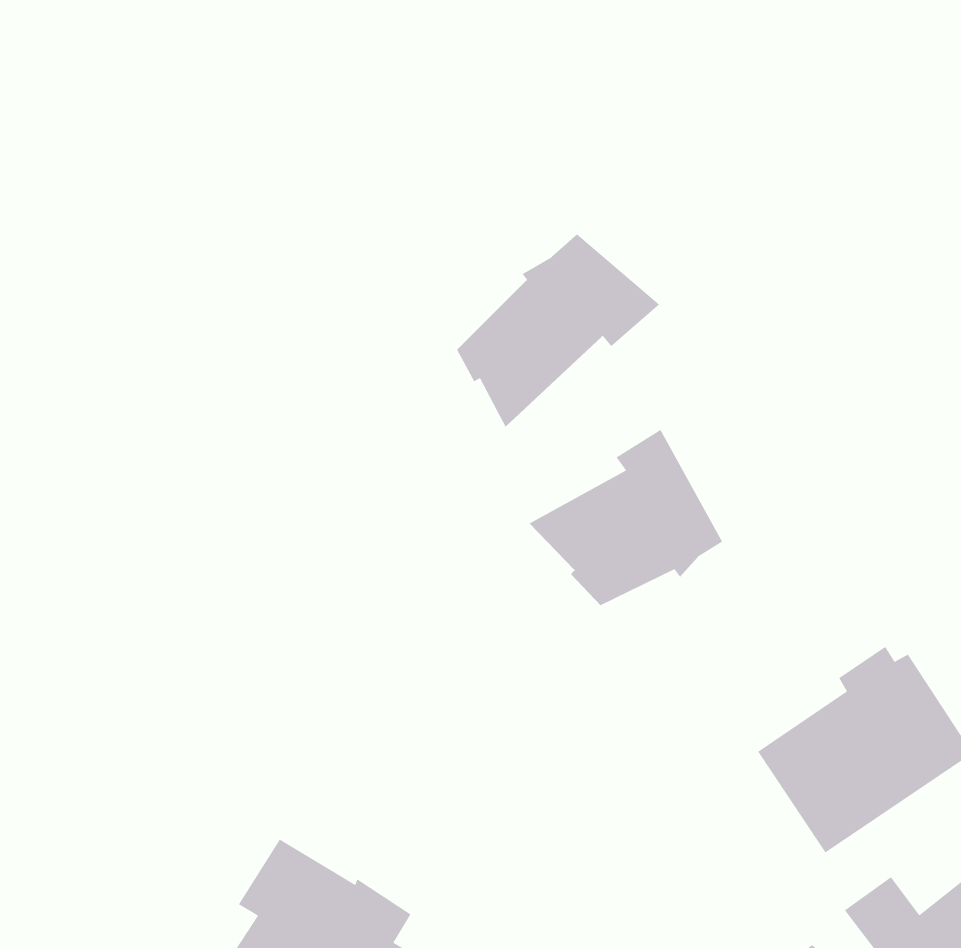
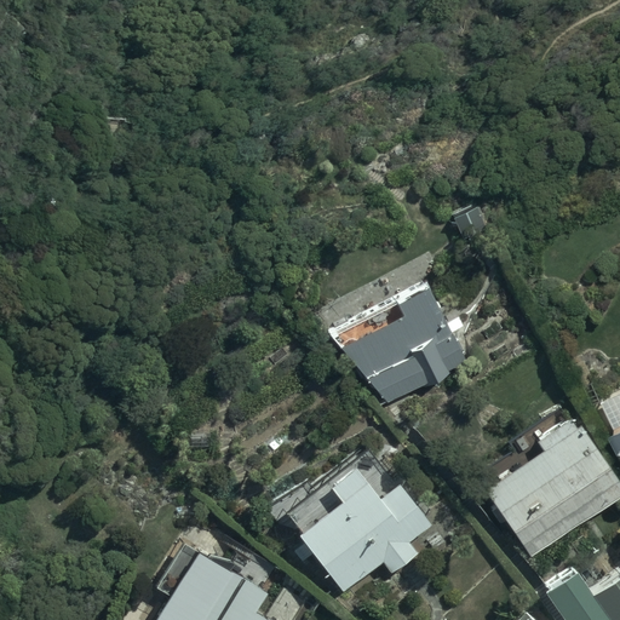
building: [456,234,660,428] -> none
building: none -> [299,467,429,591]

